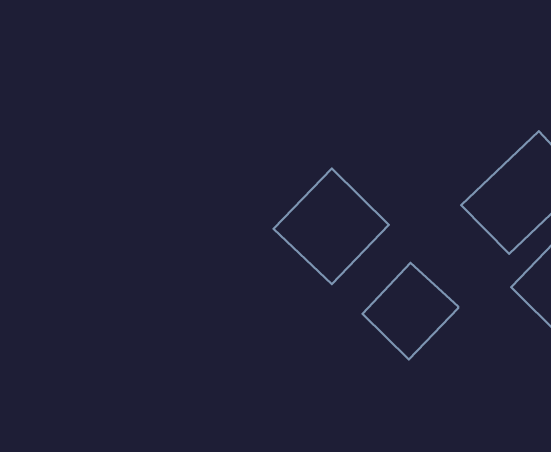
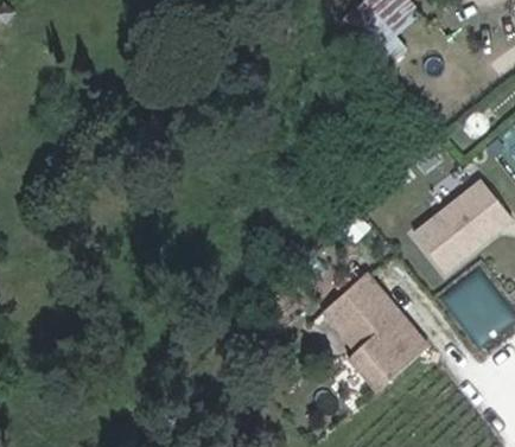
building: [274,168,389,284] -> none
building: none -> [348,313,427,390]

